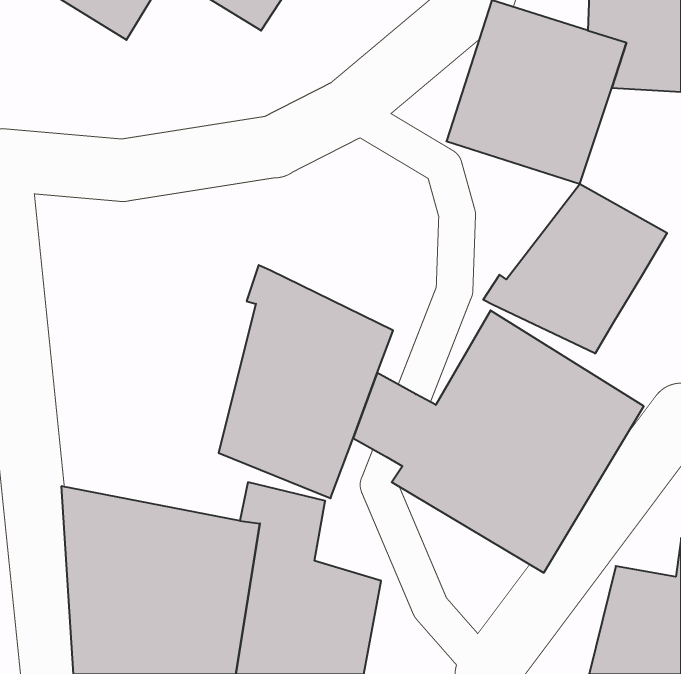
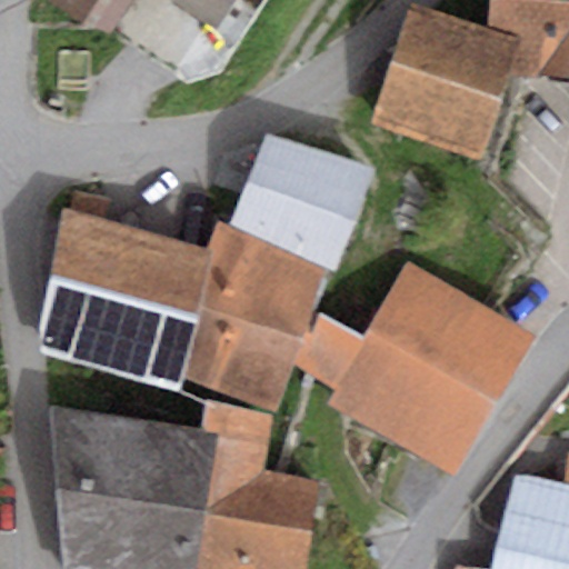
building: none -> [226,133,373,279]
building: [483,184,667,354] -> none
building: none -> [37,209,213,396]

